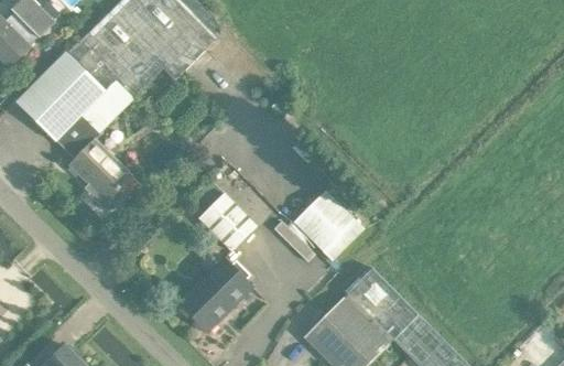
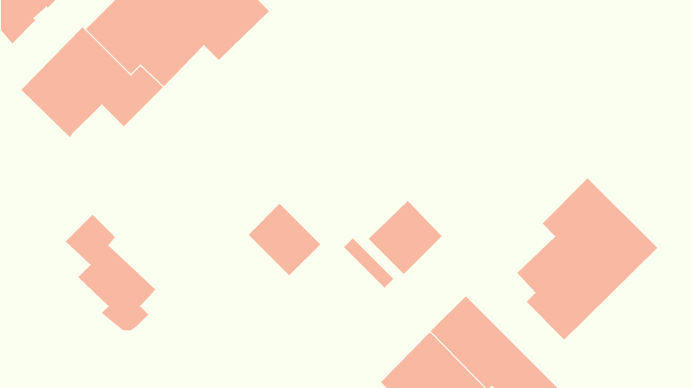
building: [59,115,132,208] -> [65,214,156,331]
building: none -> [516,177,658,341]
building: [178,258,253,332] -> none

